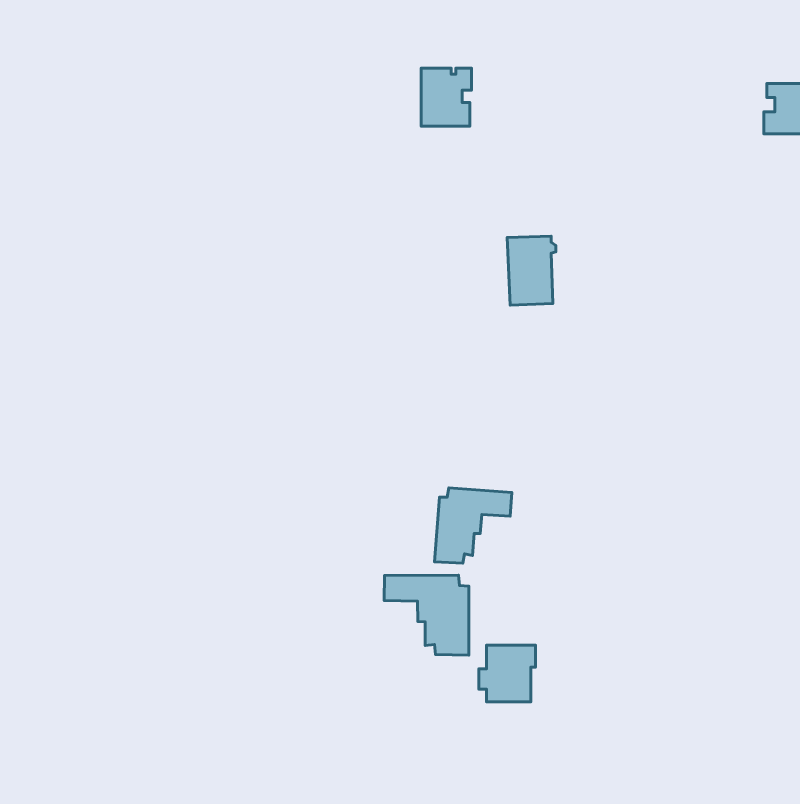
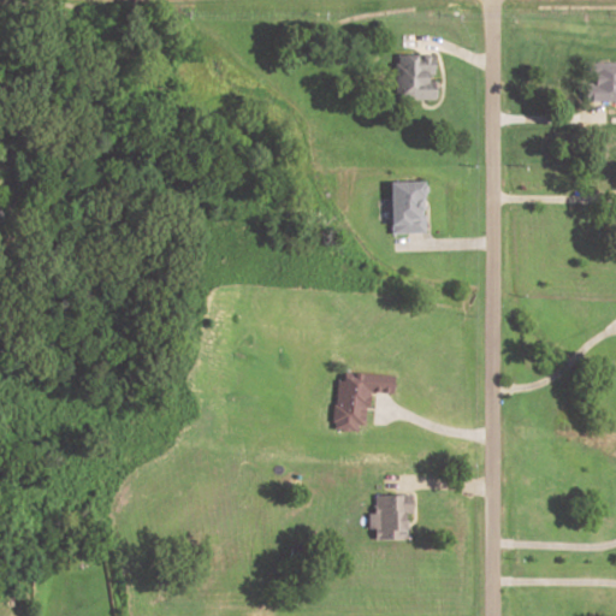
building: [421,68,471,126] -> [396,55,434,100]
building: [384,575,469,655] -> none

